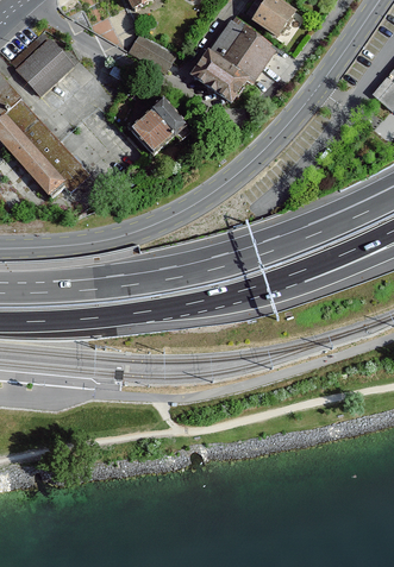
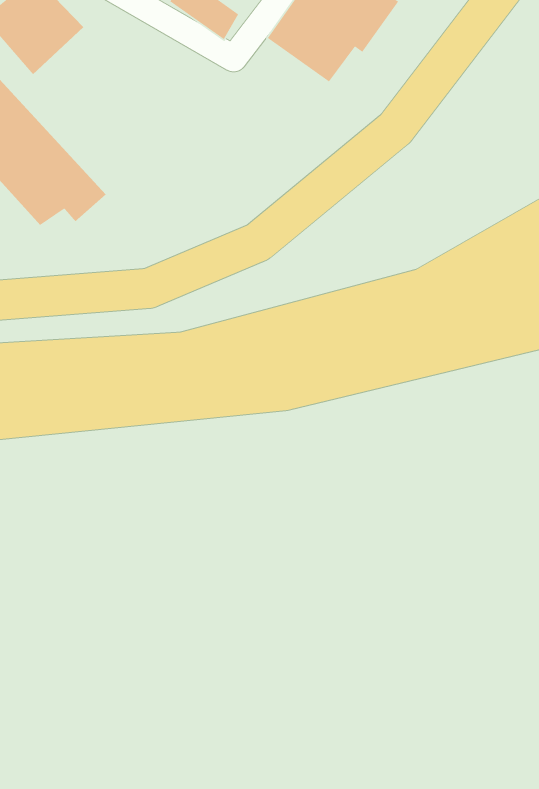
building: [129,97,187,155] -> none

